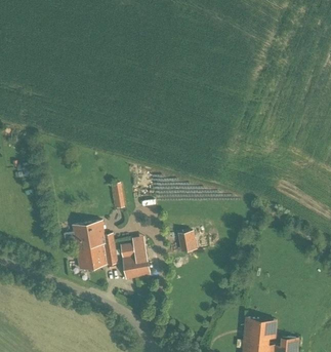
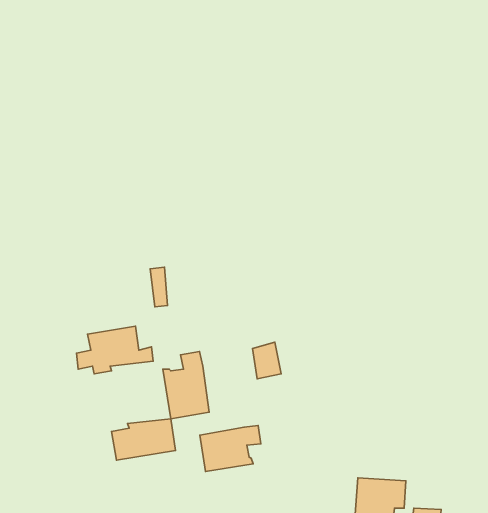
building: [76,243,117,270] -> [112,419,176,460]
building: none -> [200,426,261,471]

